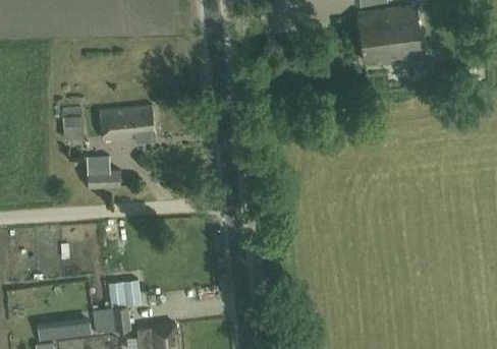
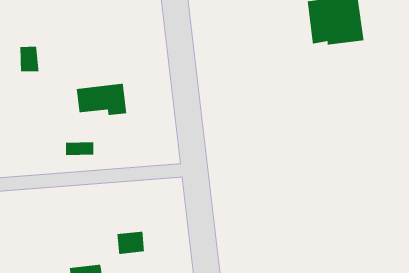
building: [62,108,85,137] -> [19,46,39,72]
building: [108,280,140,306] -> [117,231,145,255]

